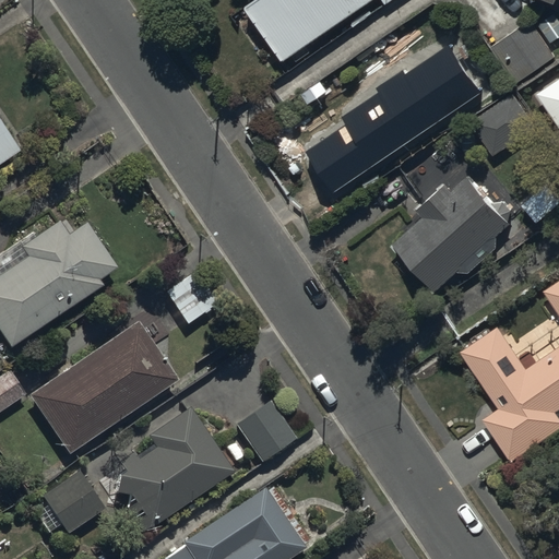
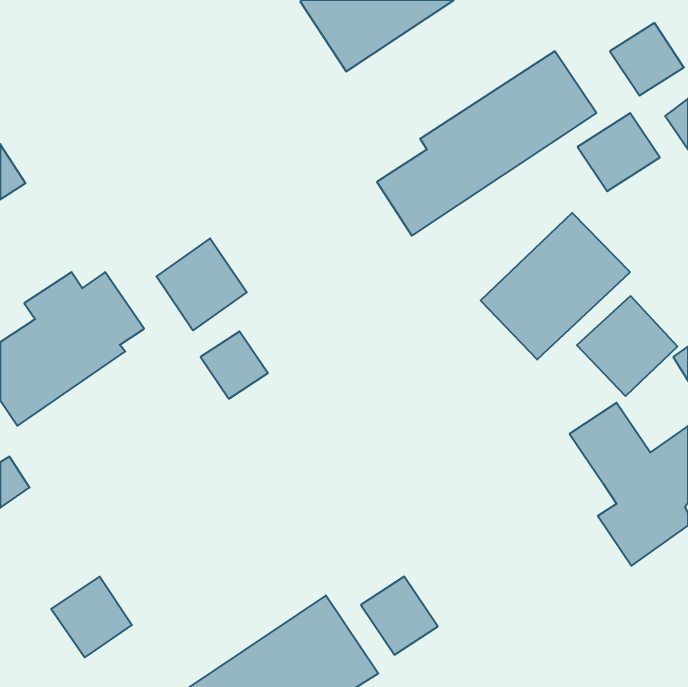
building: none -> [156,238,247,330]
building: none -> [577,296,677,396]
building: [28,322,177,455] -> none
building: [236,399,298,462] -> [361,577,438,655]
building: [112,406,234,528] -> none

